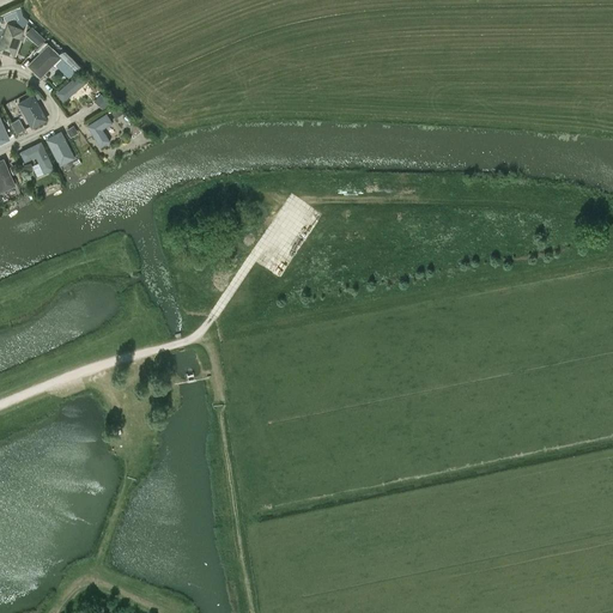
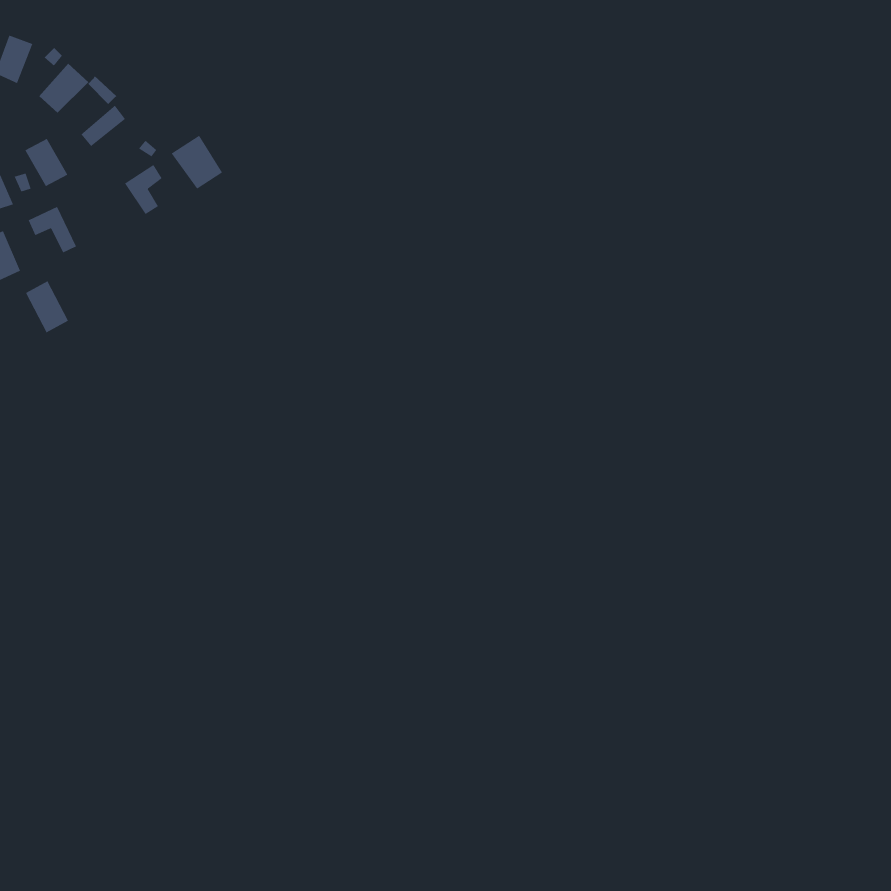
building: none -> [171,135,223,189]
building: [44,132,74,168] -> [25,281,69,333]

